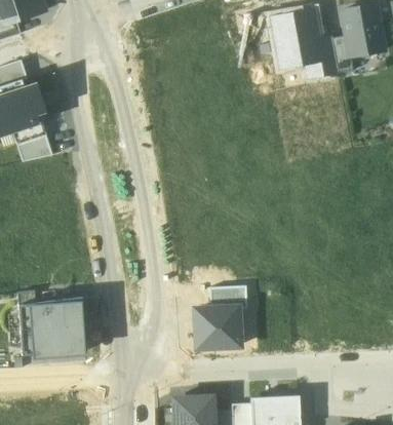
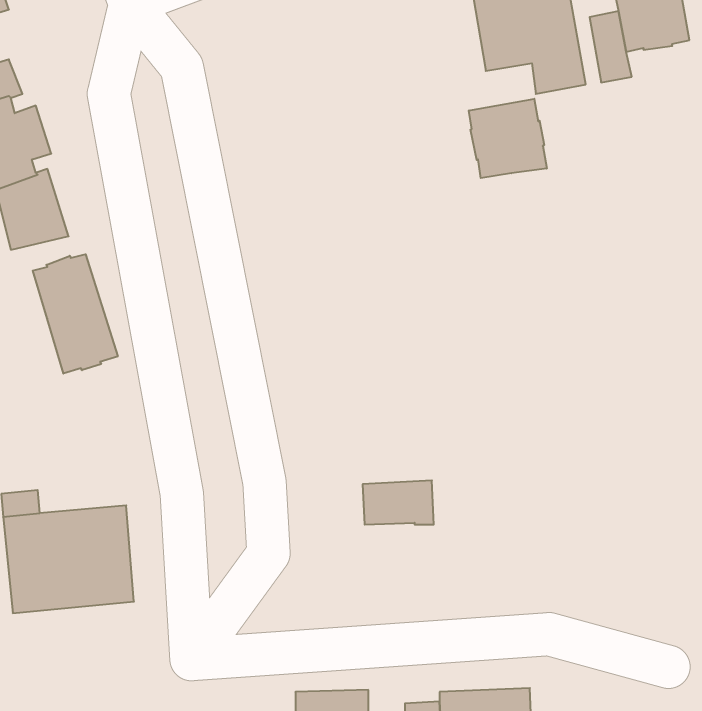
building: none -> [469,99,547,178]
building: none -> [33,254,118,374]
building: [195,308,239,347] -> none

